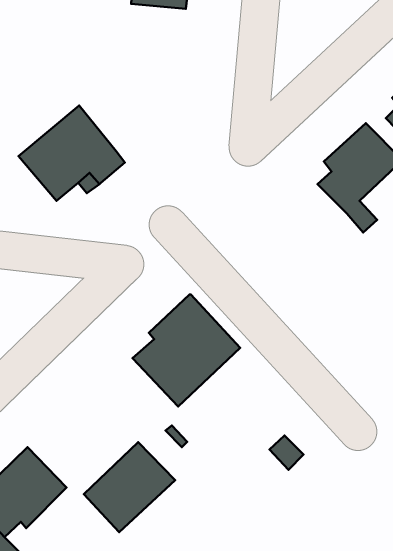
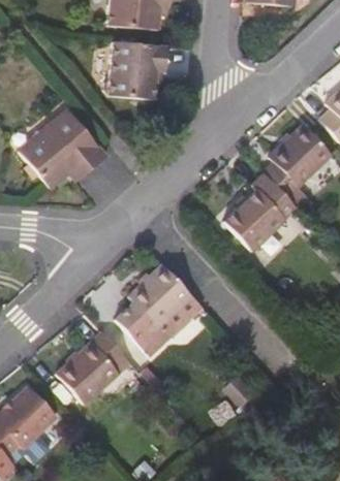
building: none -> [104,40,166,99]
building: none -> [224,172,288,250]
building: [84,442,175,532] -> [56,329,130,403]

